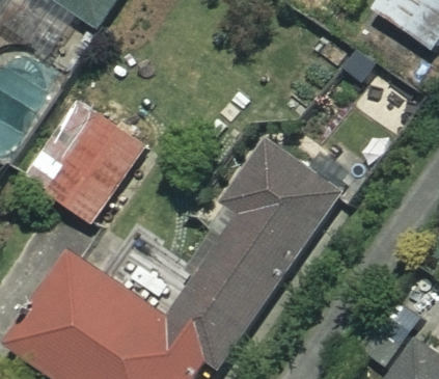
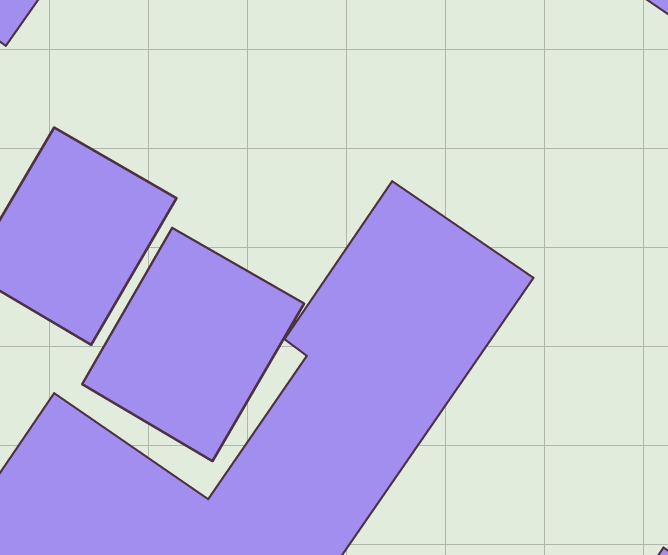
building: none -> [82,228,304,461]

